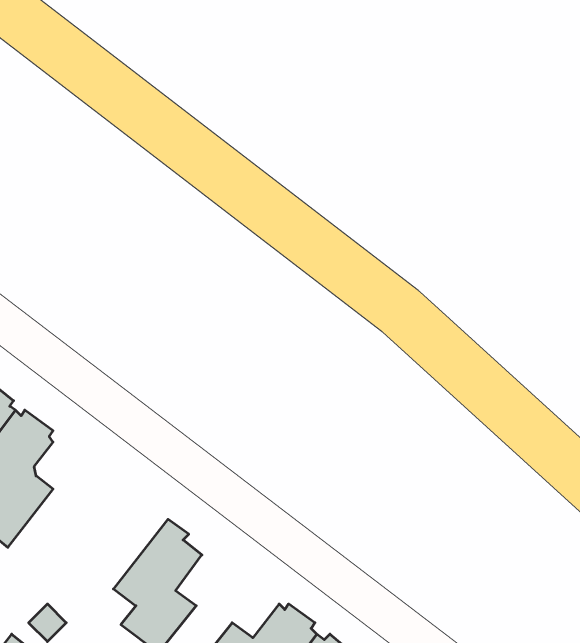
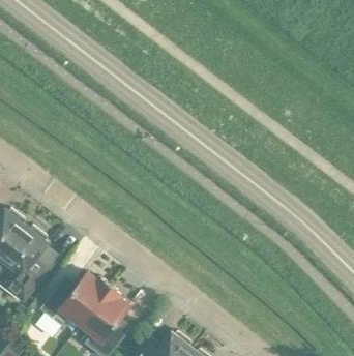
building: none -> [41,273,111,326]

